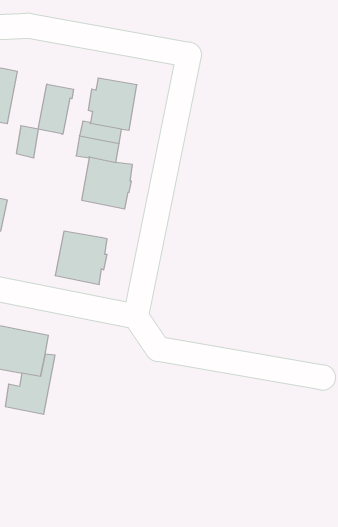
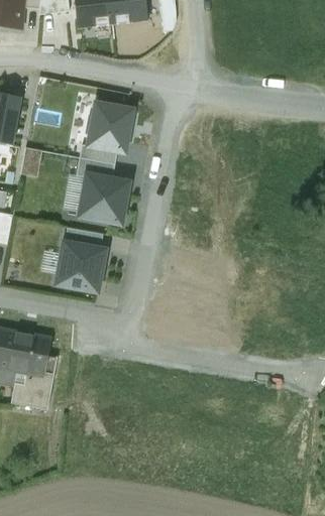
building: [38,84,74,134] -> none
building: none -> [65,227,103,249]

